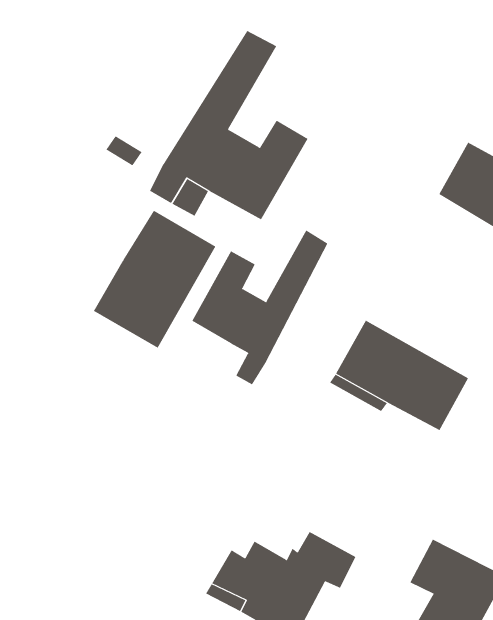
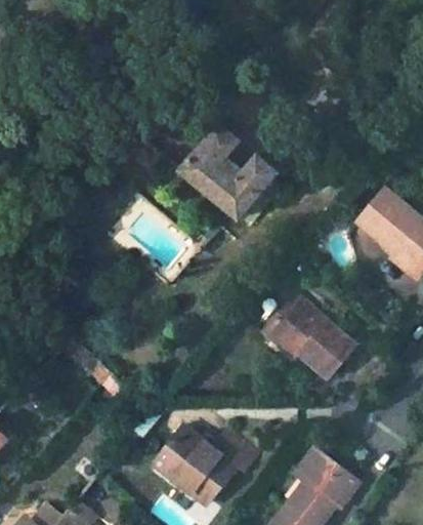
building: [93,210,216,349] -> none
building: [192,229,328,385] -> none

